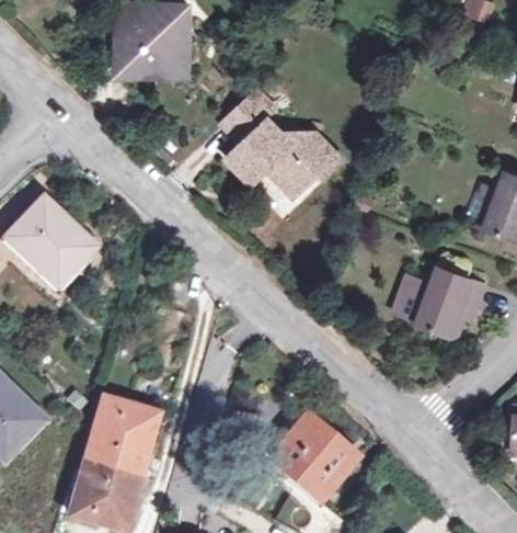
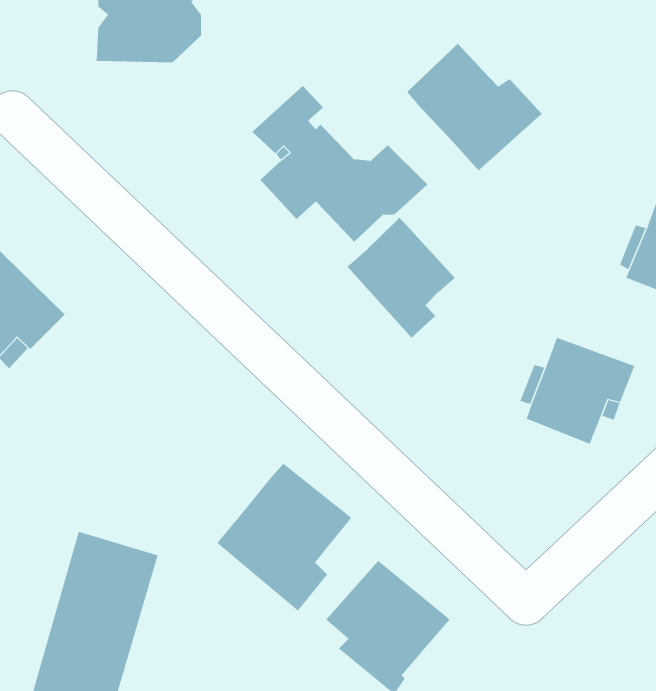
building: none -> [406,43,543,171]
building: none -> [347,217,456,339]
building: none -> [216,463,352,612]

